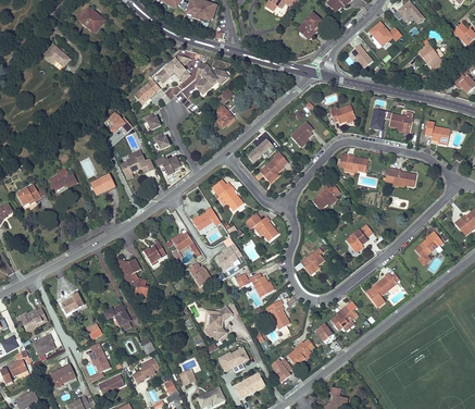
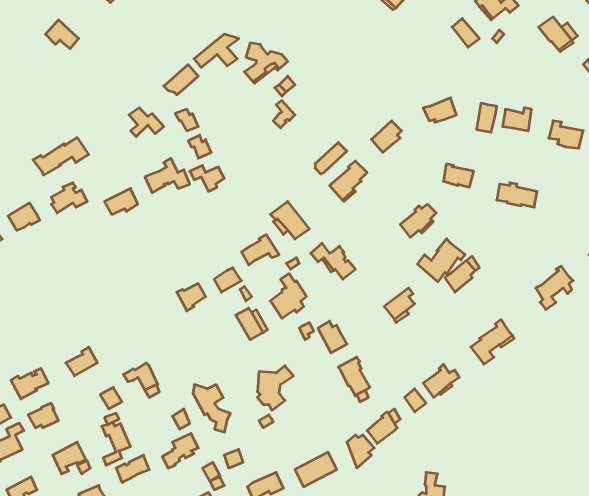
building: none -> [33,138,89,175]
building: none -> [418,239,465,282]
building: [117,259,146,295] -> [193,385,230,432]
building: [217,347,249,372] -> none

